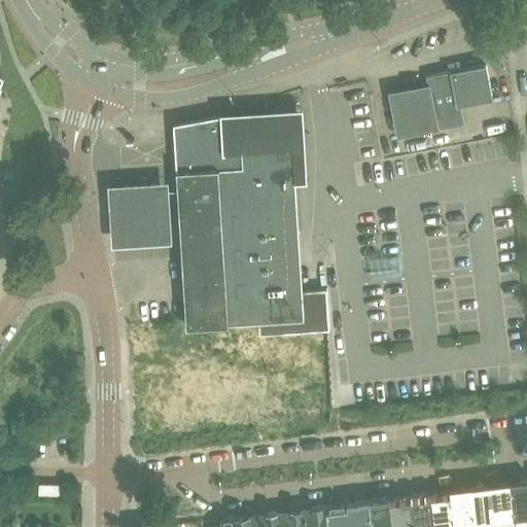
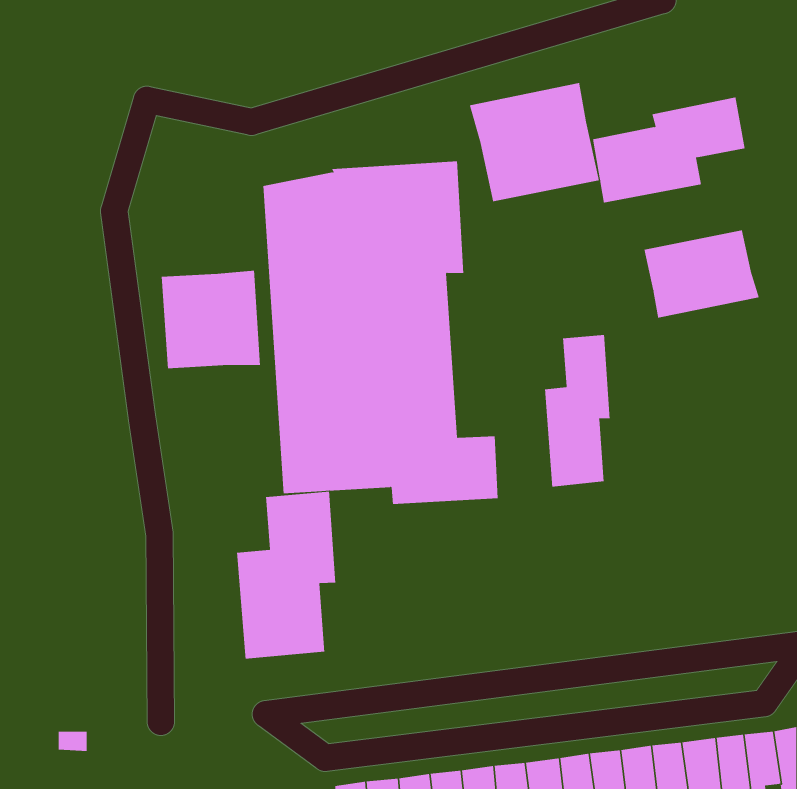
building: none -> [469,82,599,202]
building: none -> [644,229,759,318]
building: none -> [544,334,610,487]
building: none -> [236,491,336,660]

